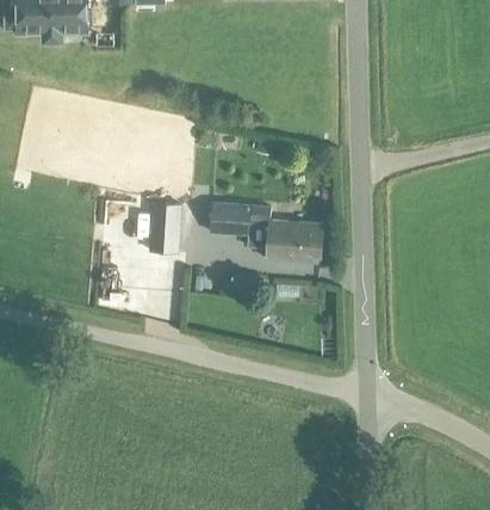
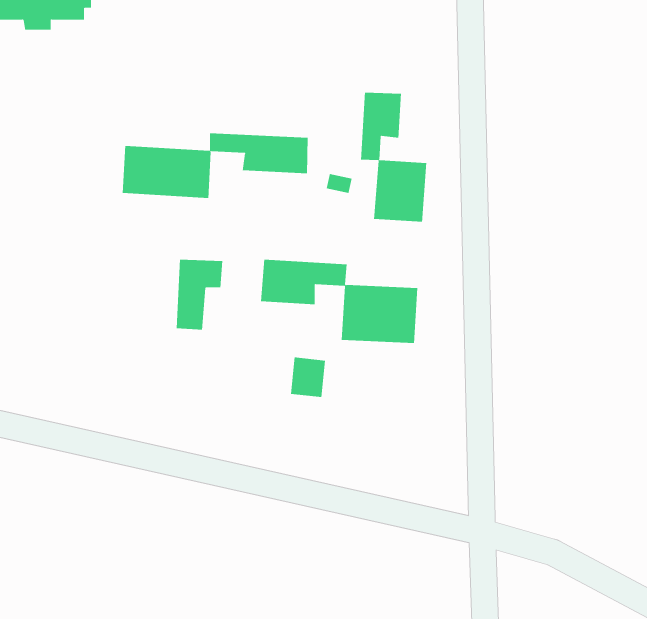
building: none -> [360,92,427,223]
building: none -> [122,132,308,199]

